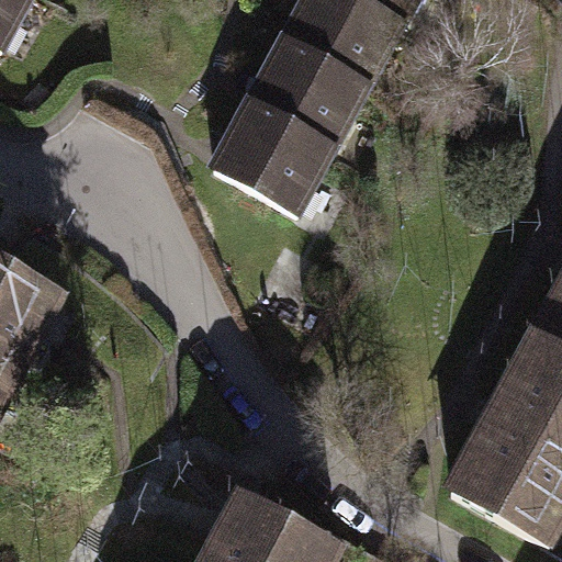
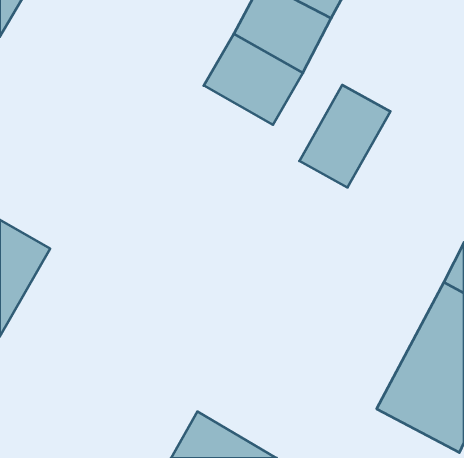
building: none -> [299,85,390,187]
building: [212,103,329,211] -> none

